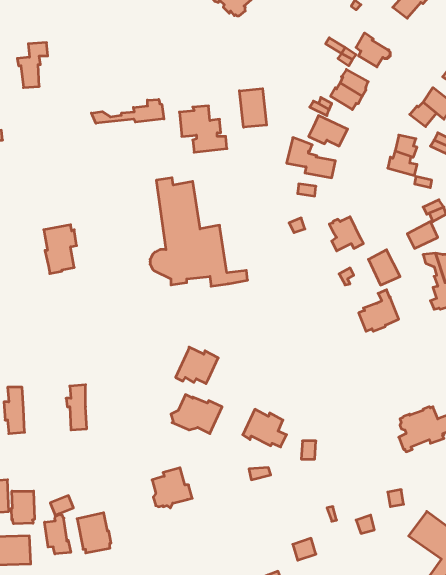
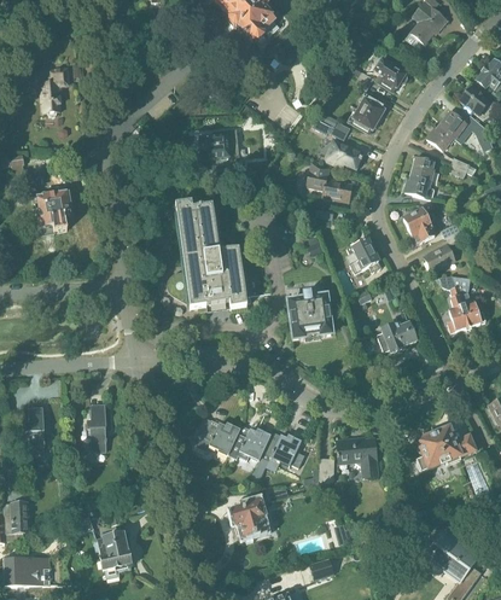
building: [239,89,267,127] -> none
building: [91,99,164,123] -> none
building: [44,225,77,274] -> [36,186,69,234]
building: [368,250,400,285] -> [403,209,435,244]
building: none -> [287,291,331,338]
building: [176,347,218,384] -> [228,424,270,460]
building: none -> [336,436,378,477]
building: [152,468,192,508] -> [231,499,270,538]
building: [11,491,34,524] -> none
building: [45,514,71,554] -> none

